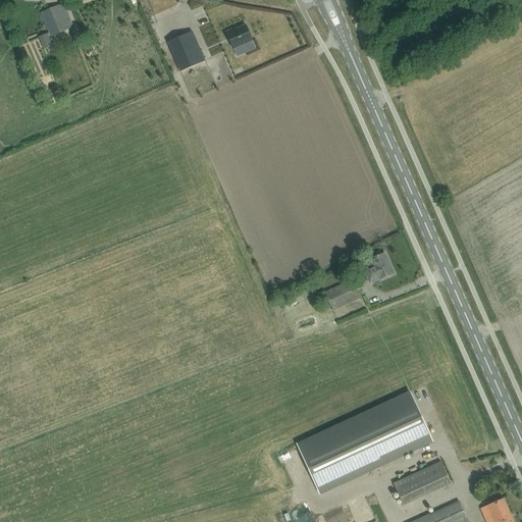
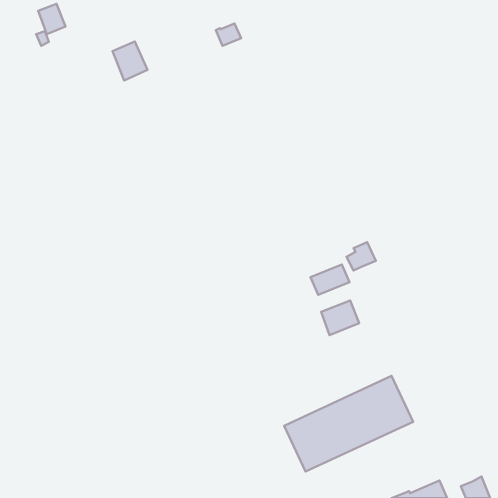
building: [167,31,204,71] -> [112,41,148,80]
building: none -> [321,301,359,335]
building: [393,460,451,505] -> none

